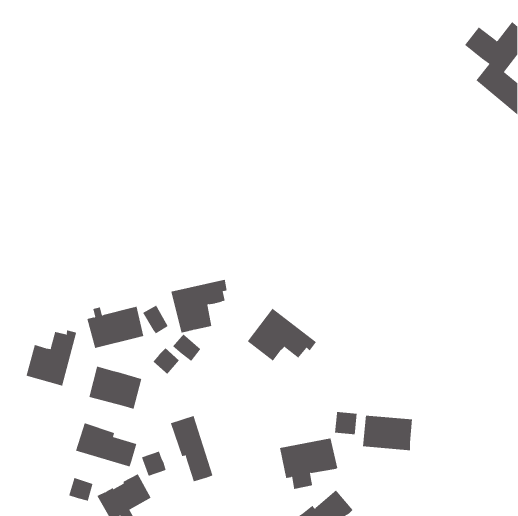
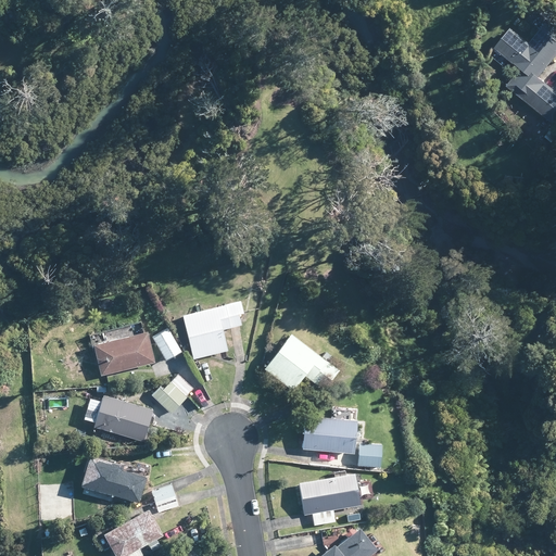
building: [26,330,77,386] -> none
building: [172,333,201,362] -> none
building: [170,415,213,482] -> none
building: [362,415,413,451] -> [302,415,356,453]
building: [68,477,93,501] -> none

